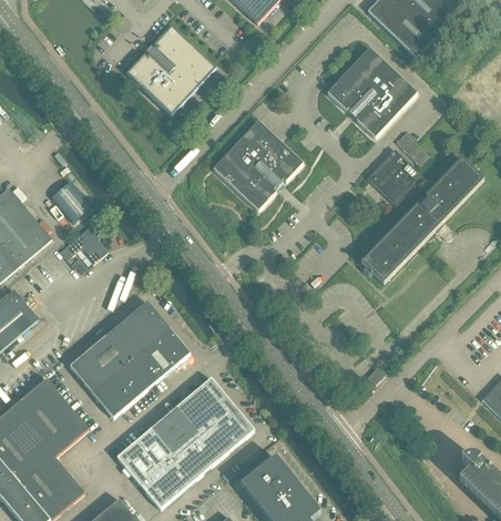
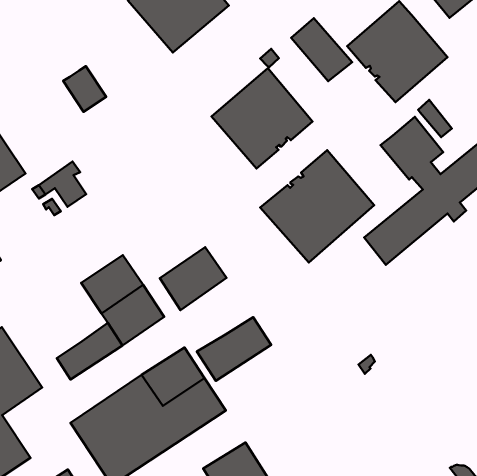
building: none -> [291,18,352,81]
building: [51,181,91,222] -> [63,66,106,112]
building: none -> [260,150,374,263]
building: none -> [160,247,226,310]
building: [69,330,140,400] -> none
building: none -> [197,317,271,381]

